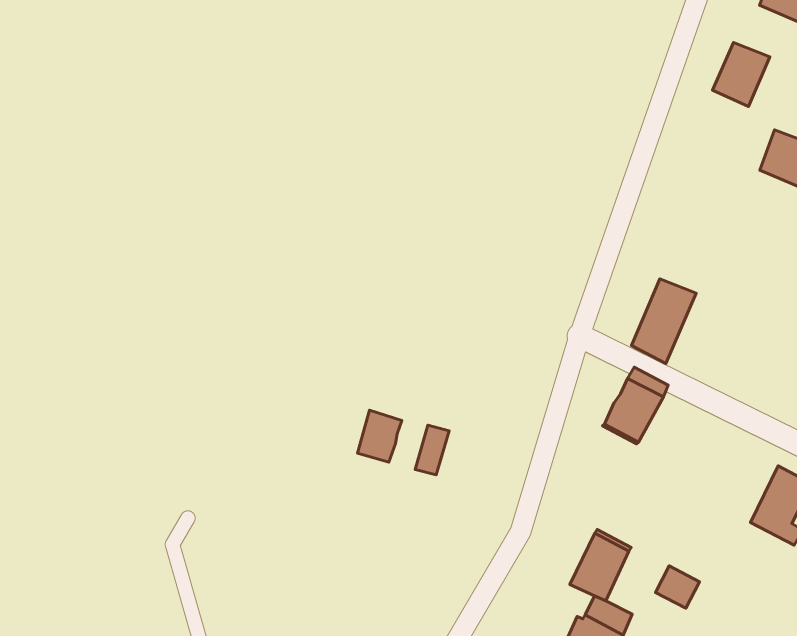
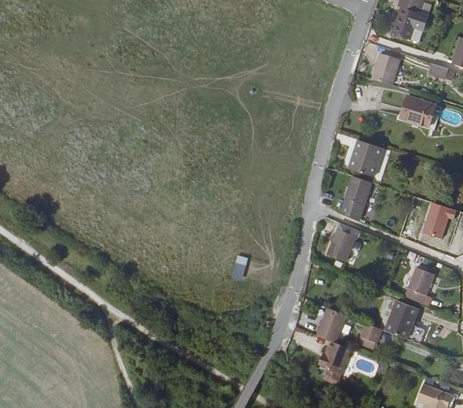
building: none -> [346,139,382,176]
building: [358,410,402,462] -> none
building: none -> [385,299,426,344]

